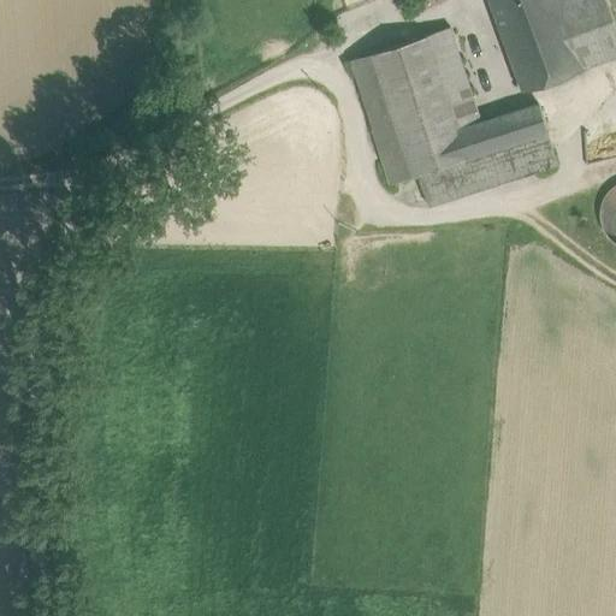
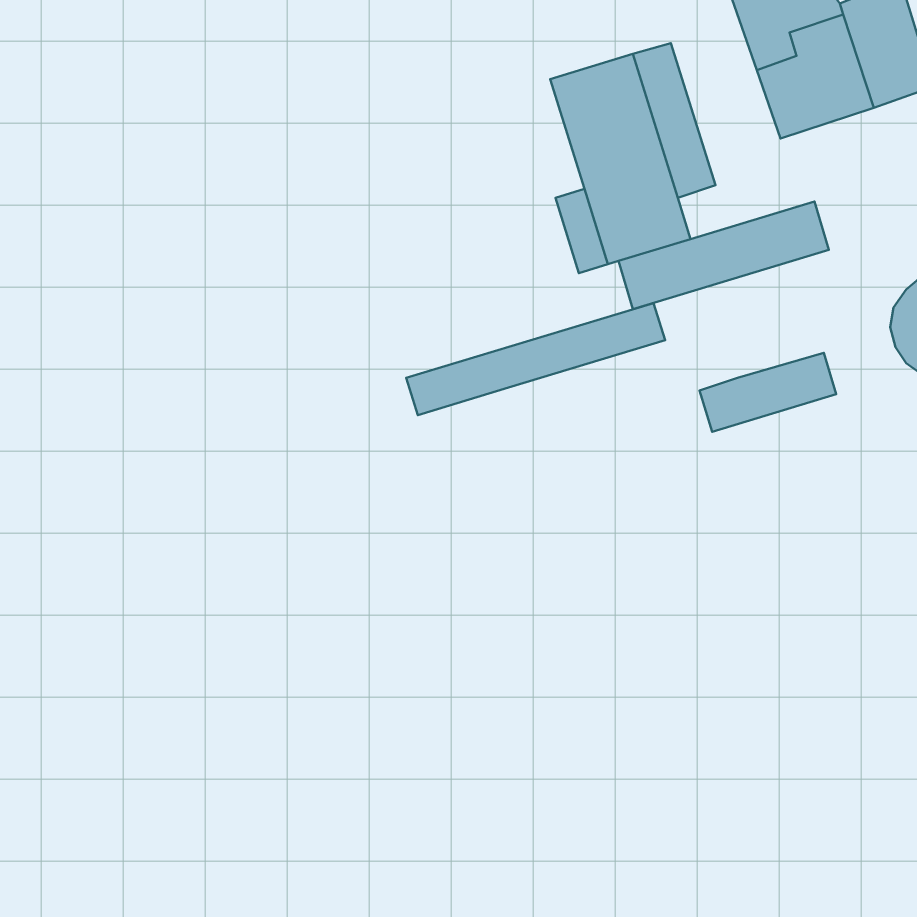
building: [350,53,392,132] -> none
building: [455,107,546,160] -> [700,353,836,432]
building: none -> [406,303,665,415]

